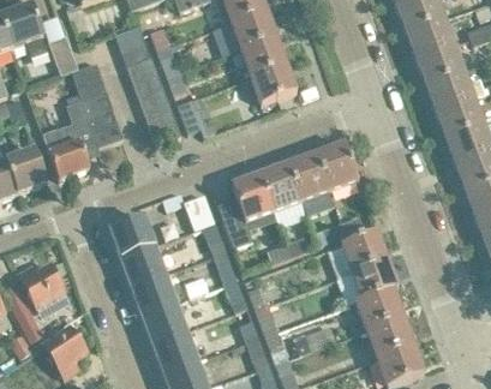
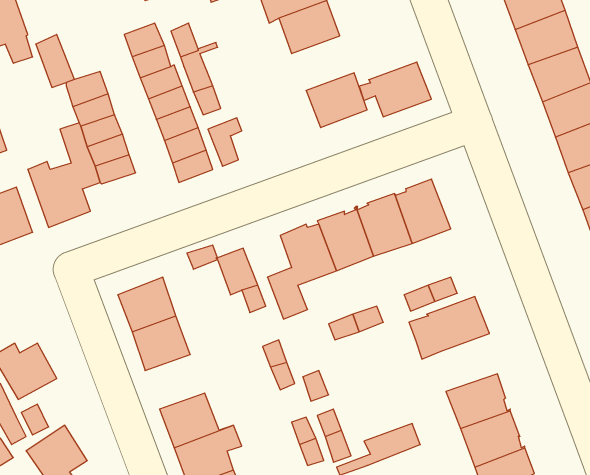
building: [233,36,287,77] -> [359,62,431,117]
building: [352,258,397,301] -> none
building: [131,274,175,315] -> none

